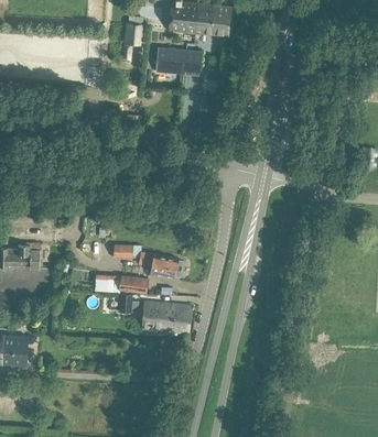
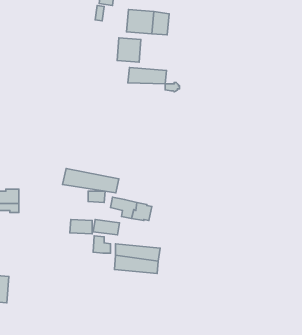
building: none -> [117,38,141,62]
building: none -> [128,67,166,84]
building: none -> [62,168,119,193]

